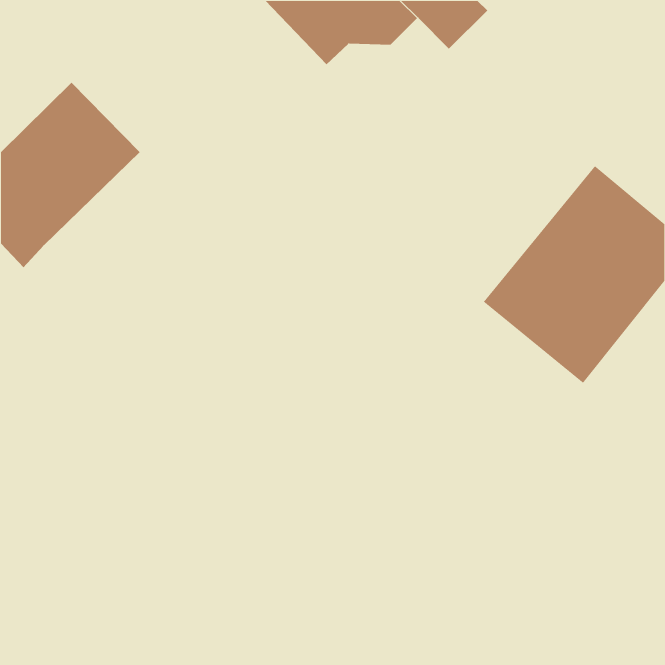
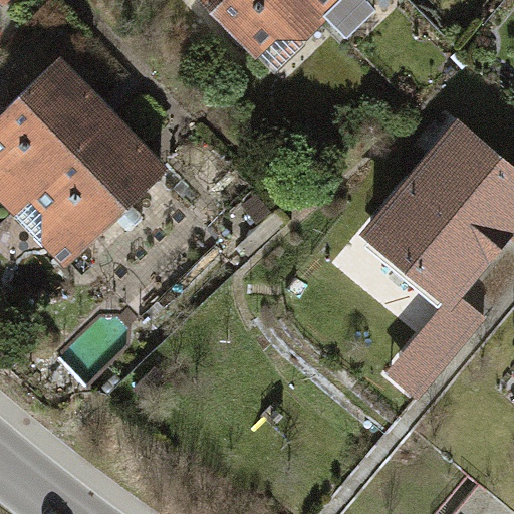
building: none -> [34,117,161,259]
building: none -> [390,286,494,394]

